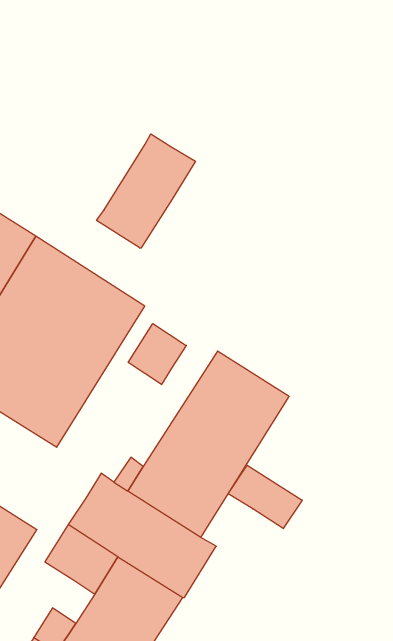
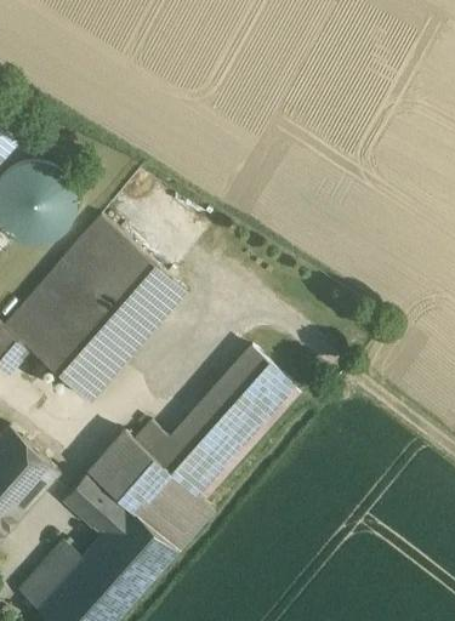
building: [97,134,195,248] -> none
building: [128,324,186,385] -> none
building: [228,465,302,529] -> none

